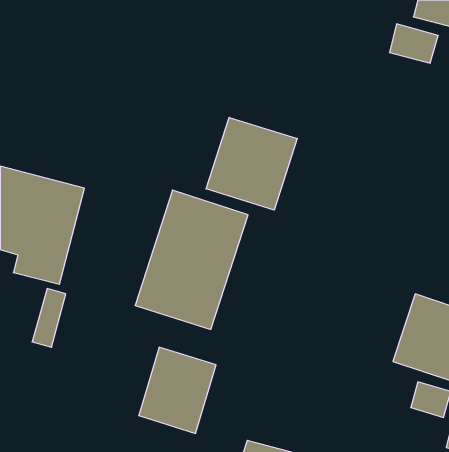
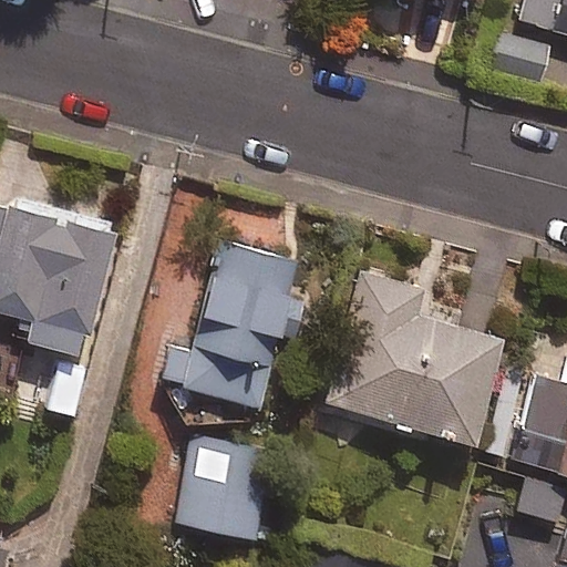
building: [206,117,297,210] -> none
building: none -> [327,274,501,445]

